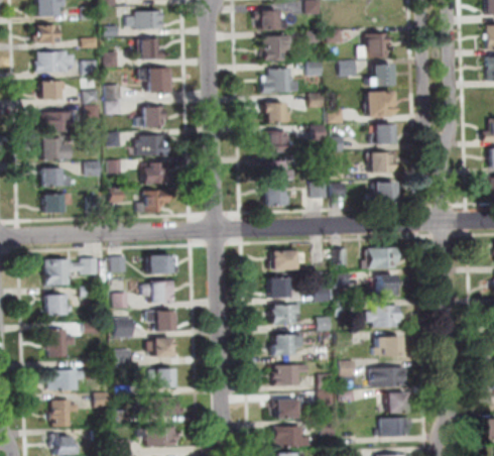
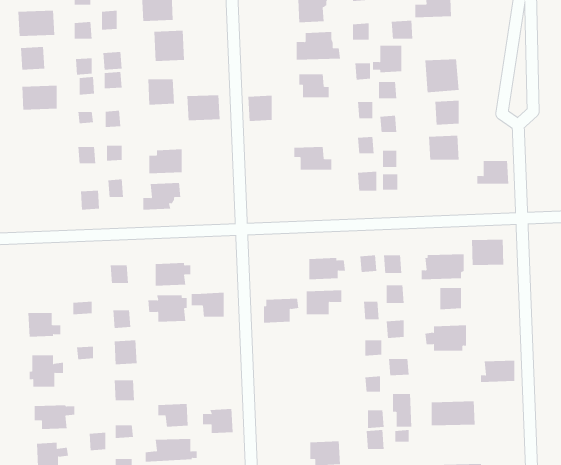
building: [368,65,392,87] -> [372,45,402,73]
building: [266,131,286,152] -> [247,95,272,121]
building: [139,135,166,156] -> [187,95,220,121]
building: [40,137,69,160] -> none
building: [42,168,70,187] -> none
building: [370,183,396,202] -> [477,161,509,184]
building: [265,187,289,205] -> none
building: [44,194,72,212] -> none
building: none -> [471,239,504,266]
building: [45,258,98,286] -> none
building: [271,305,300,325] -> [263,298,299,323]
building: [147,311,174,331] -> [191,292,224,317]
building: [272,335,300,356] -> none
building: [374,337,402,355] -> [480,360,515,382]
building: [147,338,172,358] -> [202,409,233,434]
building: [273,365,307,386] -> none
building: [388,393,408,414] -> none

